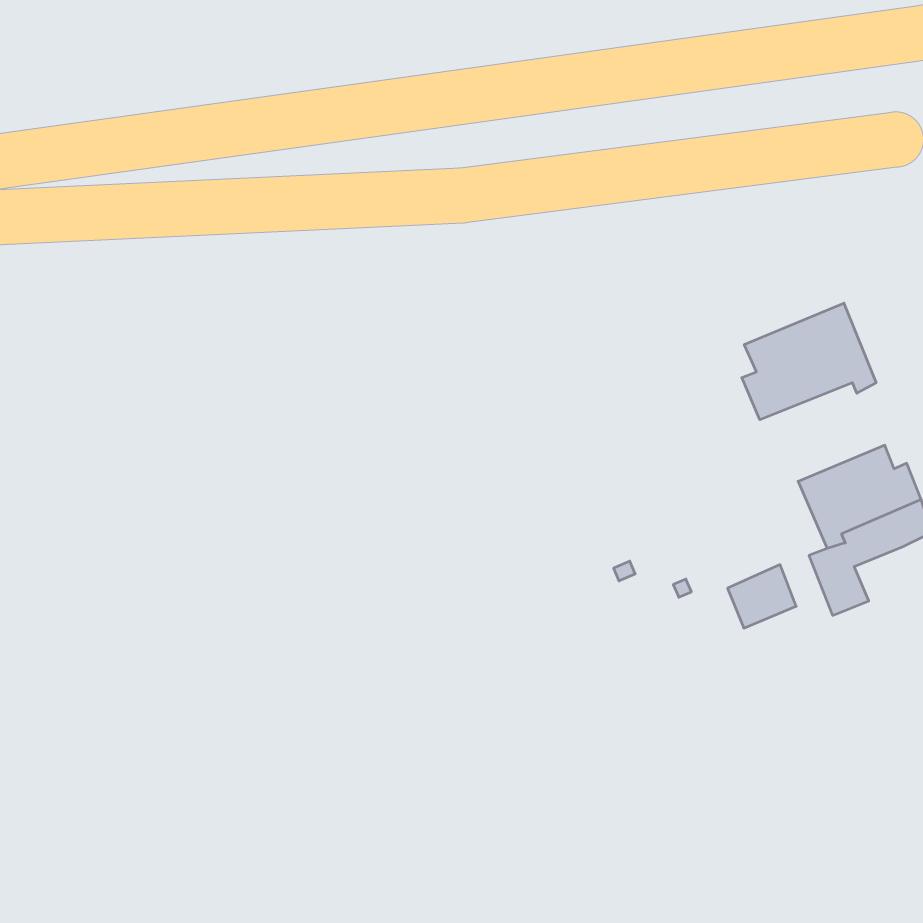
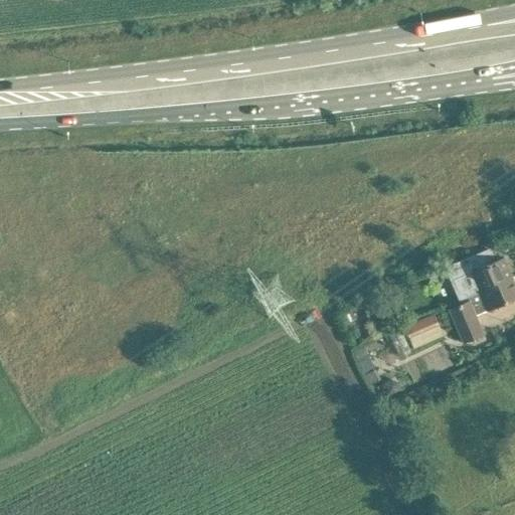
building: [742,303,876,420] -> none

